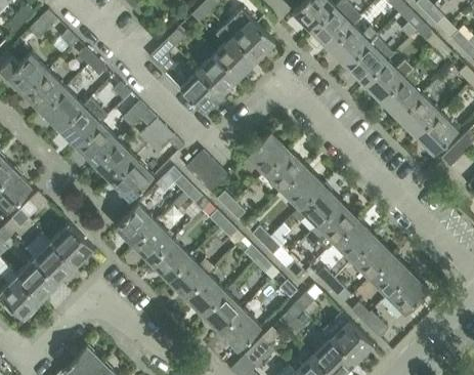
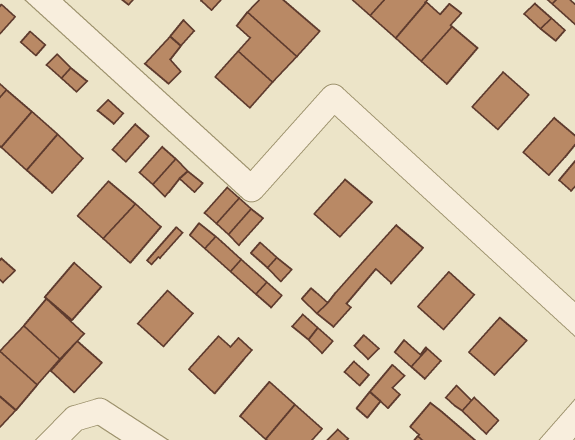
building: [364,60,412,102] -> none
building: [179,71,222,113] -> none
building: [399,96,440,137] -> none
building: [77,124,118,165] -> none
building: [247,131,288,173] -> none
building: [282,167,322,208] -> none
building: [305,202,358,251] -> none
building: [115,204,156,245] -> [45,263,101,320]
building: [352,238,393,279] -> none
building: [150,240,190,280] -> none
building: none -> [51,341,102,392]
building: [387,273,429,314] -> none
building: [185,275,225,316] -> none

